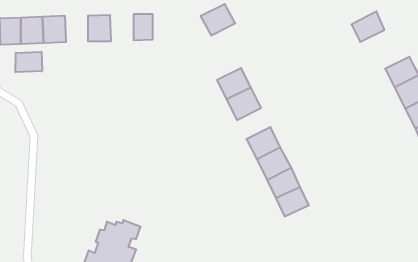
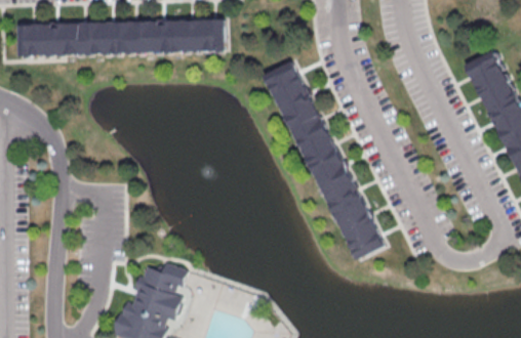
building: [201,4,235,35] -> [263,61,304,98]
building: [351,11,384,42] -> [464,49,503,85]
building: none -> [199,19,225,50]
building: none -> [149,20,176,52]
building: none -> [95,23,122,53]
building: [16,52,42,72] -> none
building: none -> [298,131,338,168]

